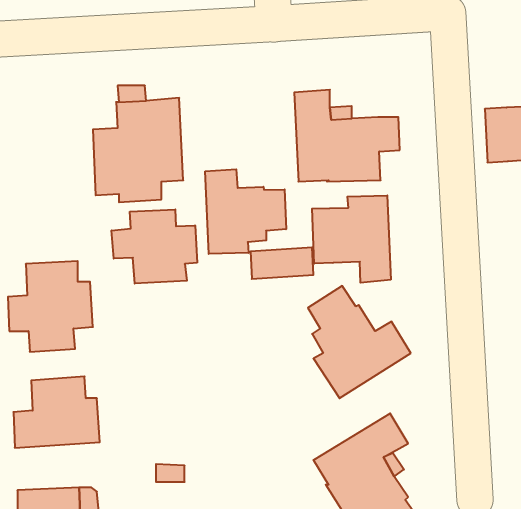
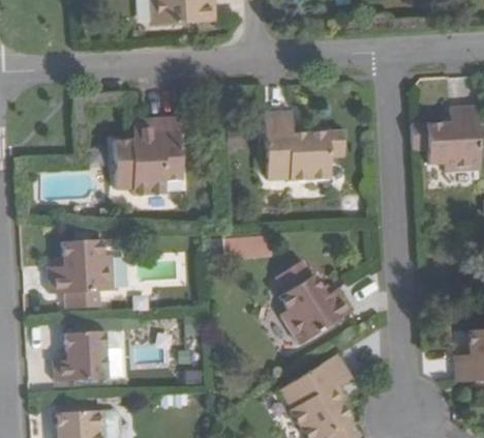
building: [205,169,286,254] -> none
building: [312,195,391,283] -> none
building: [112,209,197,284] -> none

